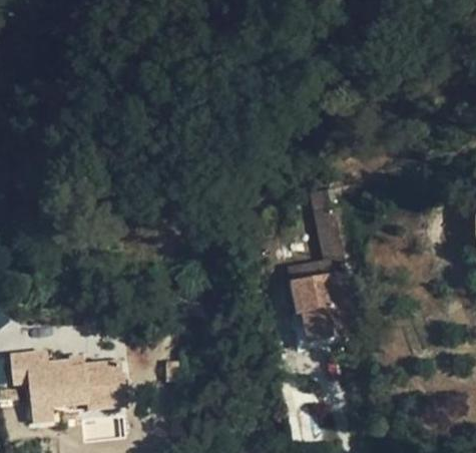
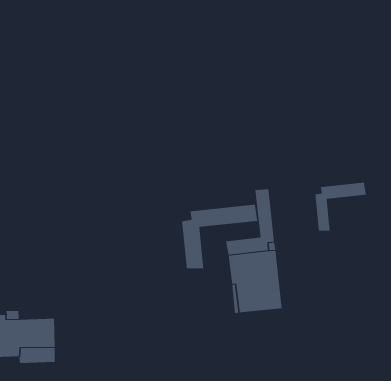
building: none -> [315,182,366,232]
building: none -> [182,204,258,269]

